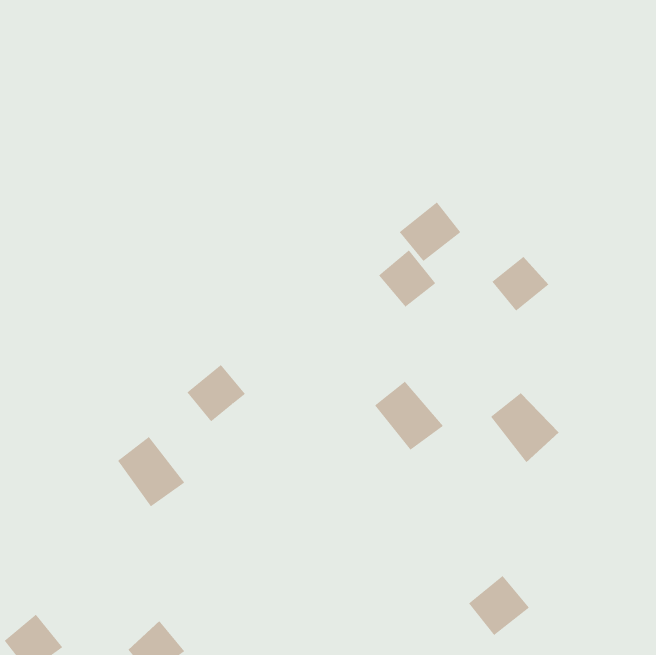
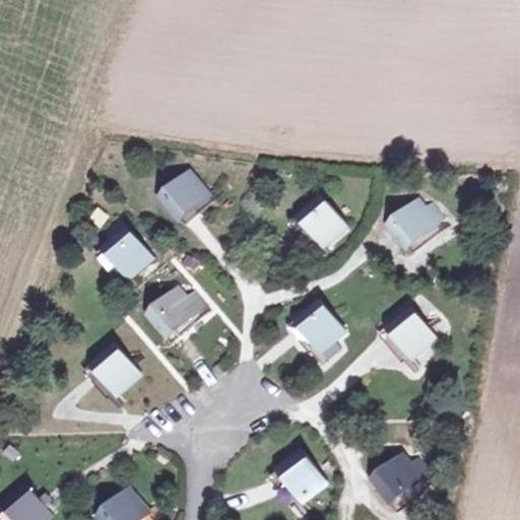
building: [399,201,461,262] -> none
building: none -> [161,176,206,217]
building: none -> [105,230,149,275]
building: none -> [279,455,324,500]

